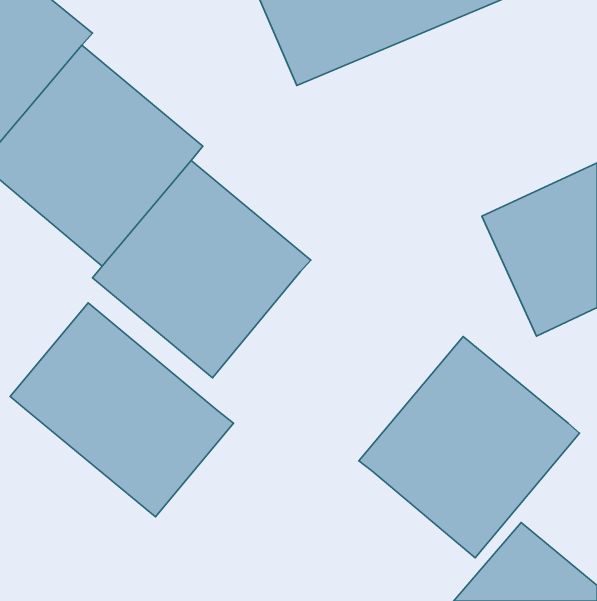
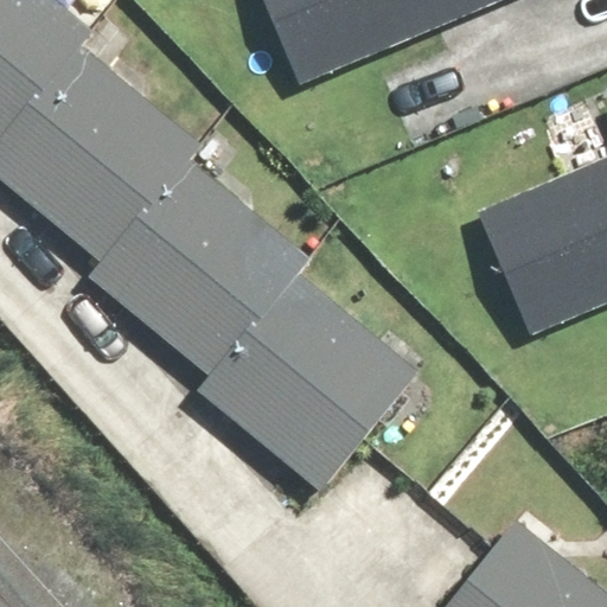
building: none -> [202,271,420,488]
building: [10,303,233,517] -> none
building: [359,336,579,558] -> none

